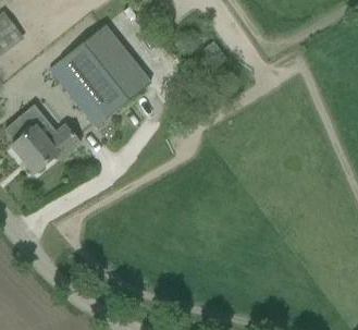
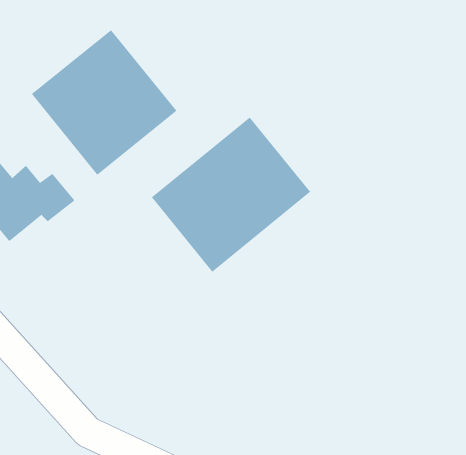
building: none -> [151,116,311,273]

